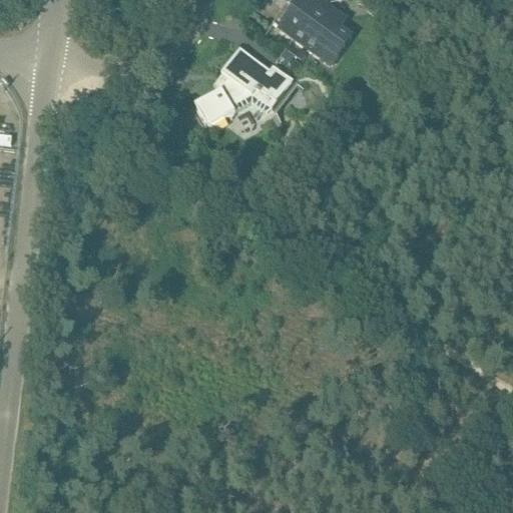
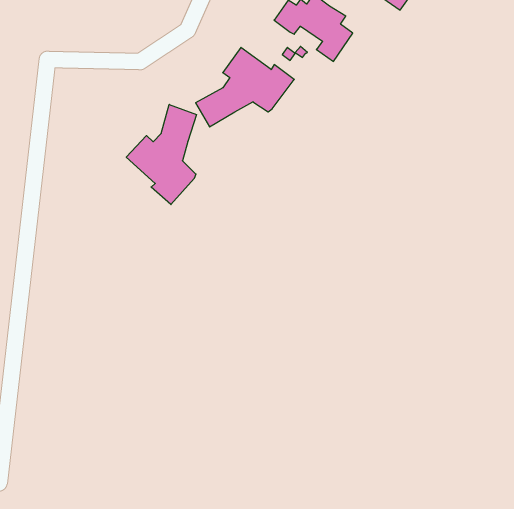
building: none -> [126,104,196,205]

